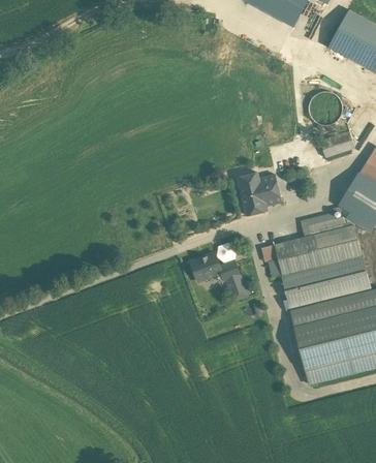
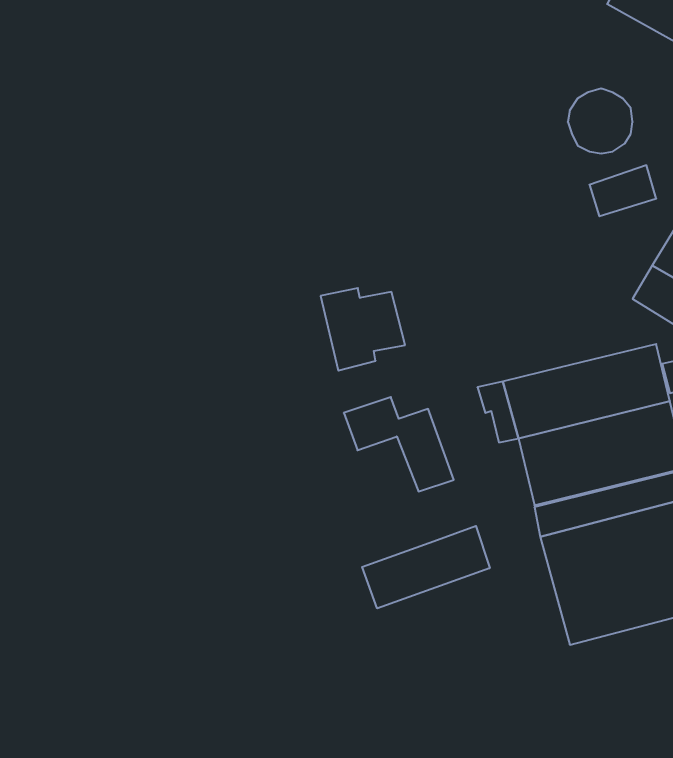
building: [238,173,282,216] -> [321,288,405,371]
building: [300,213,354,238] -> none
building: none -> [362,526,490,608]

